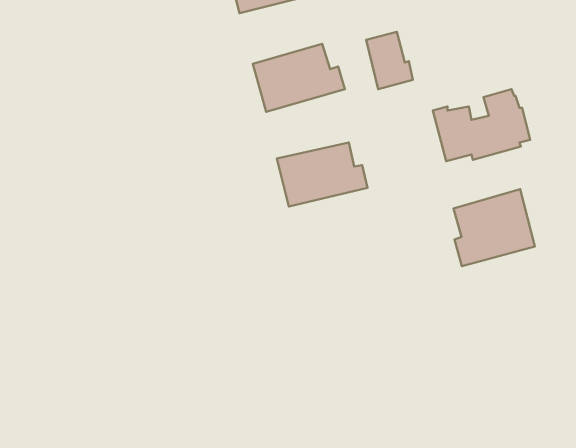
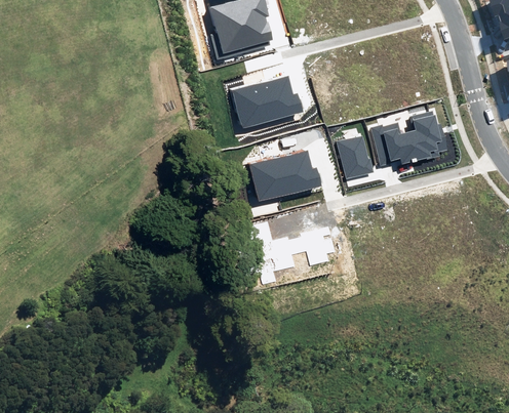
building: [366,32,413,89] -> [337,134,373,178]
building: [454,189,535,266] -> none

